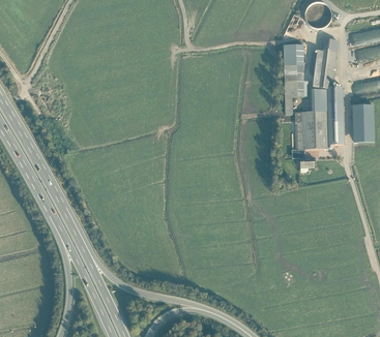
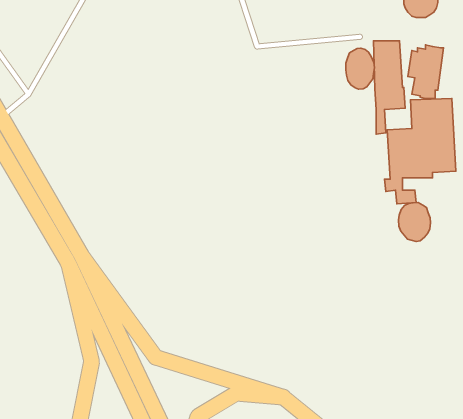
building: none -> [346,48,374,89]
building: none -> [398,202,431,241]

